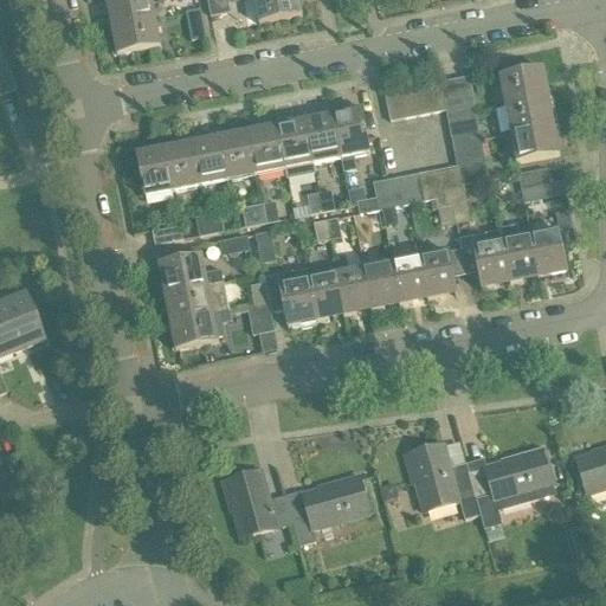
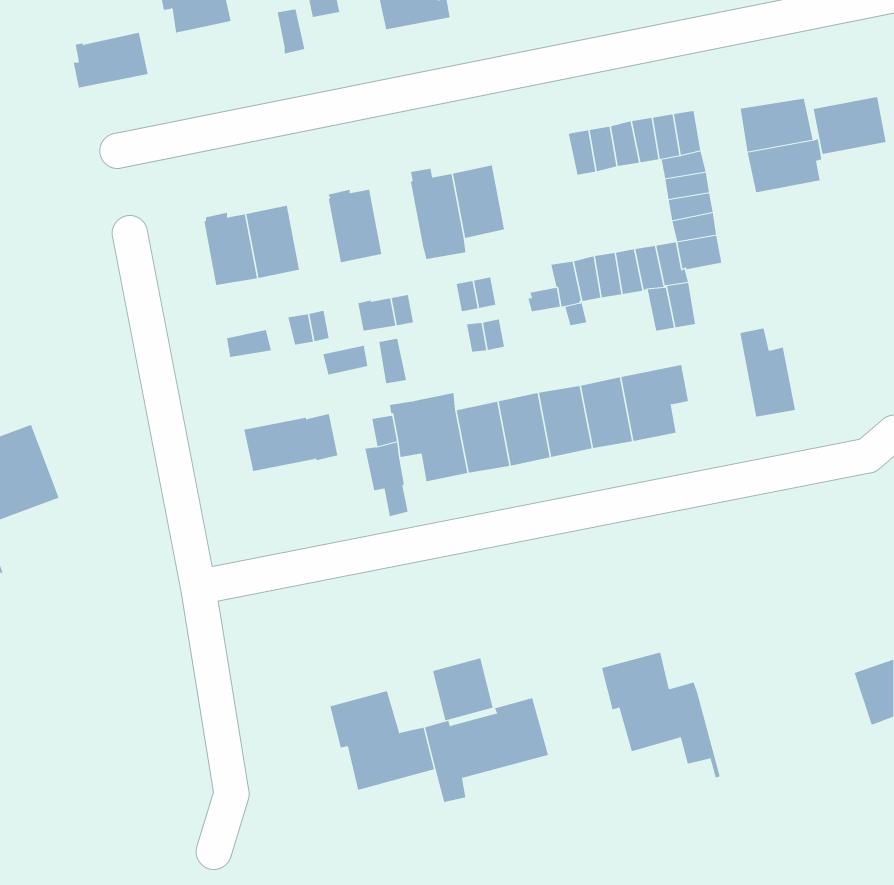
building: [111,14,162,52] -> [73,32,148,88]
building: [333,103,369,168] -> none
building: [510,122,560,161] -> [813,97,887,154]
building: [250,123,285,172] -> none
building: [193,129,230,182] -> none
building: [518,167,550,200] -> none
building: [458,226,510,288] -> none
building: [529,228,567,279] -> none
building: [160,253,223,290] -> none
building: [170,308,230,347] -> none
building: none -> [432,658,493,721]
building: [471,445,556,524] -> none

